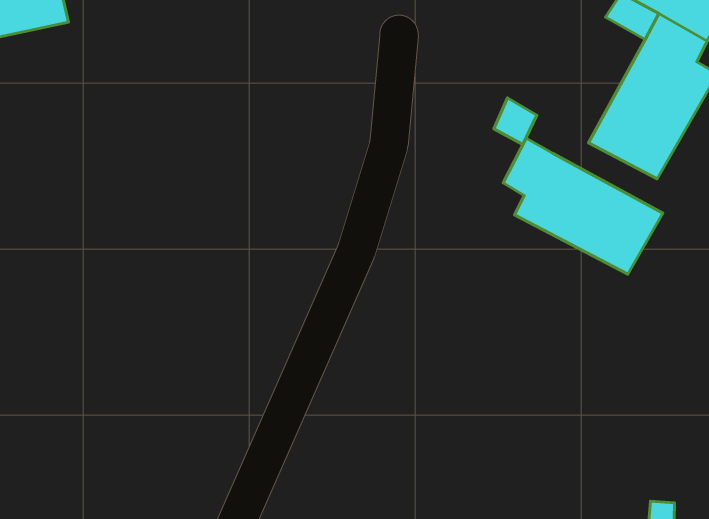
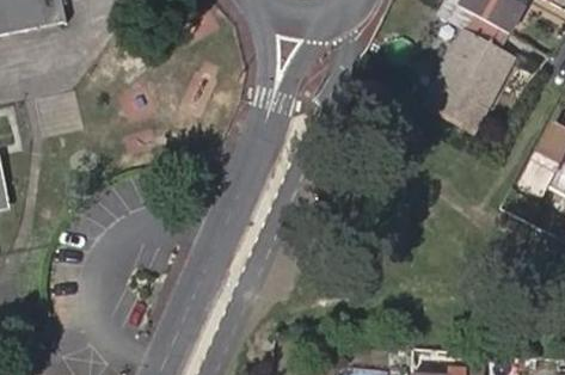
building: [503,138,663,274] -> none

